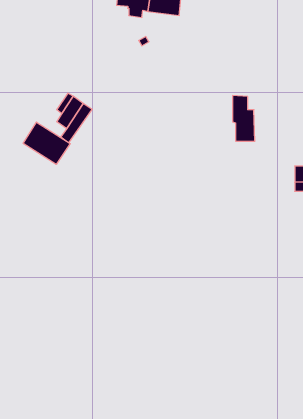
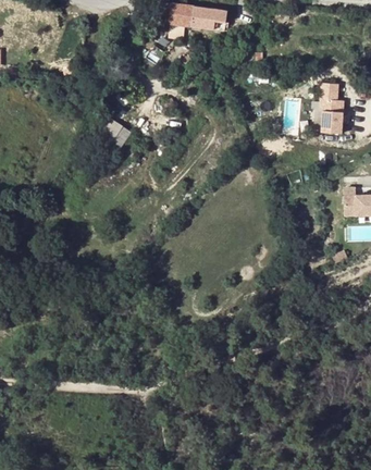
building: [233,96,255,141] -> [322,89,346,138]
building: [23,122,70,164] -> none

